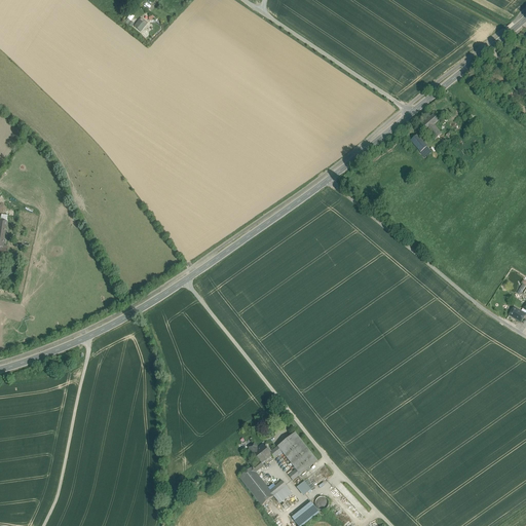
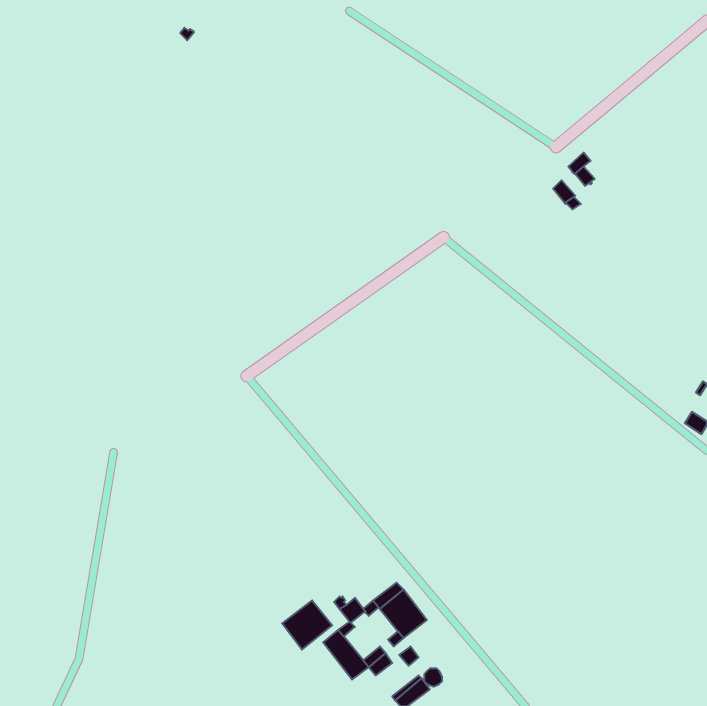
building: none -> [282,600,332,650]

